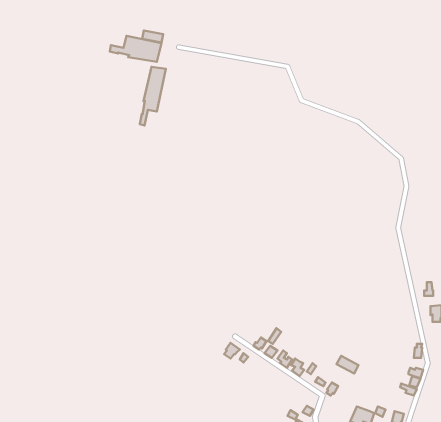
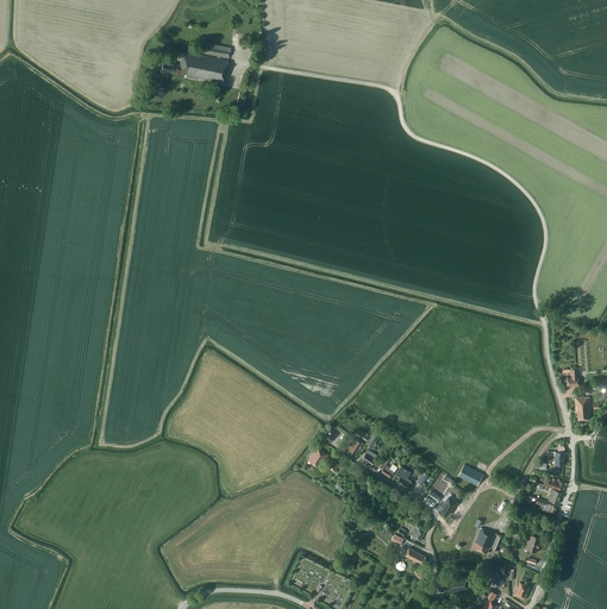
building: [140,67,166,126] -> none

